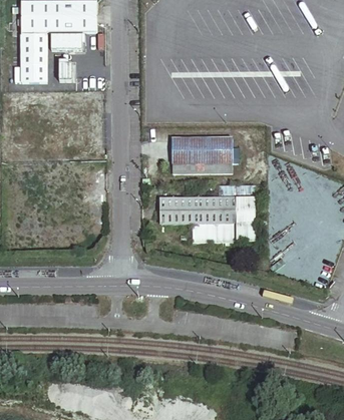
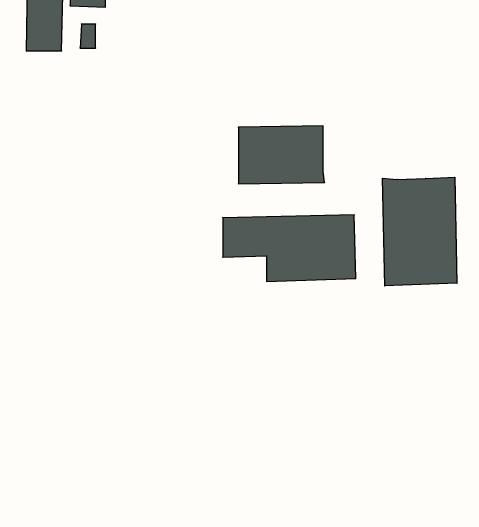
building: none -> [382,177,457,286]

